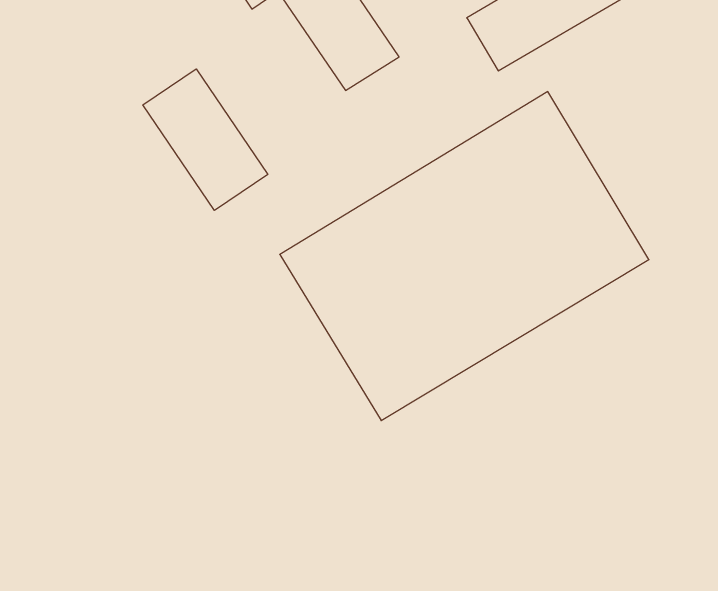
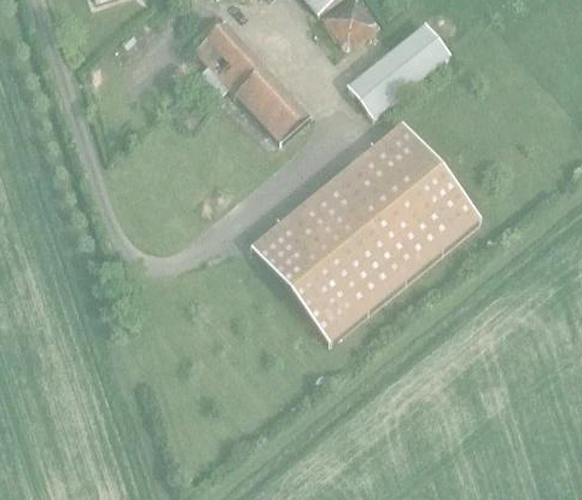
building: [143,69,268,210] -> none

